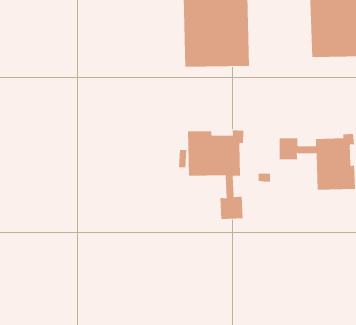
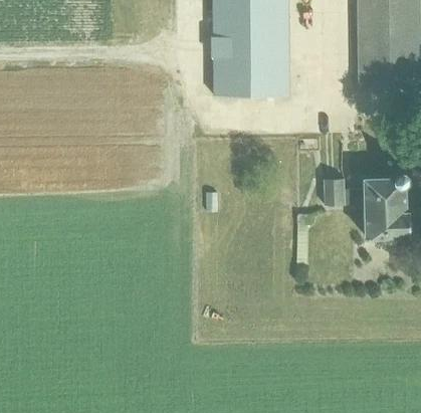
building: [188,130,244,220] -> none

